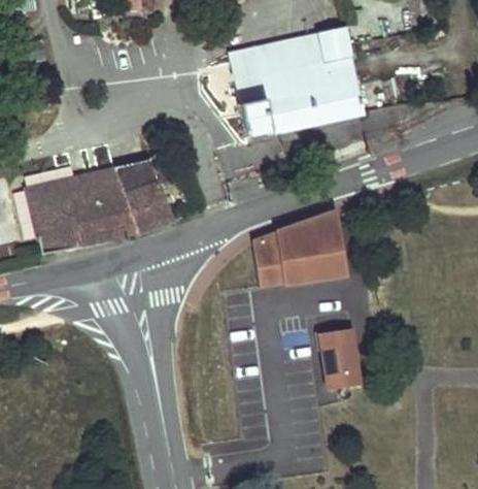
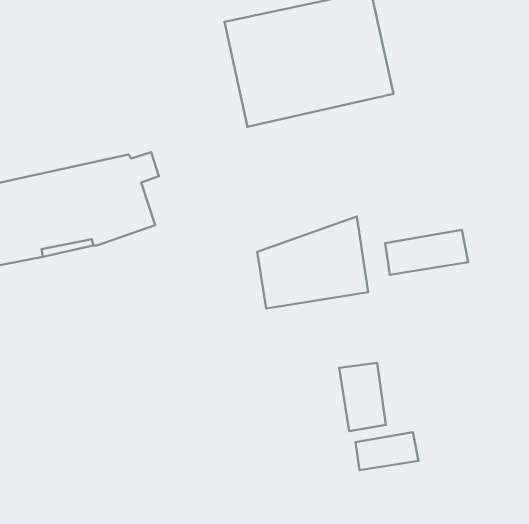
building: none -> [385,230,468,275]
building: none -> [356,432,418,470]

